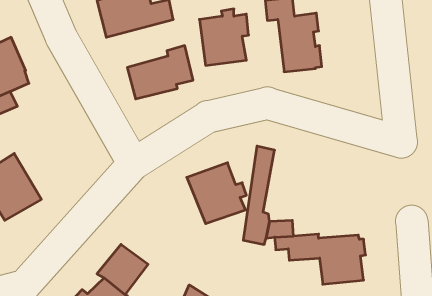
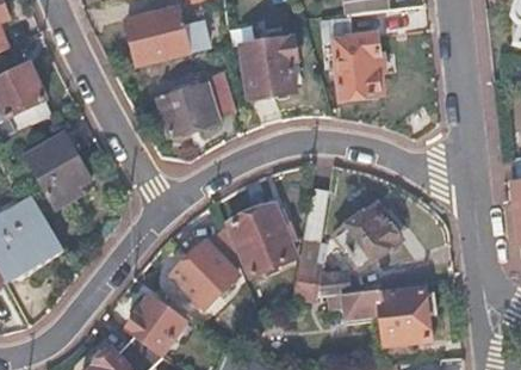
building: none -> [26,135,87,206]
building: none -> [335,209,395,265]
building: none -> [172,229,238,309]

